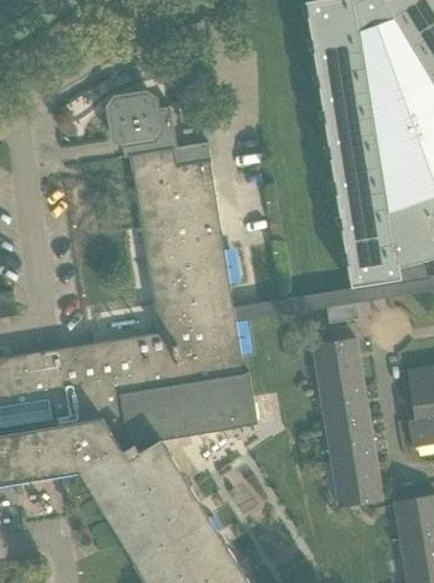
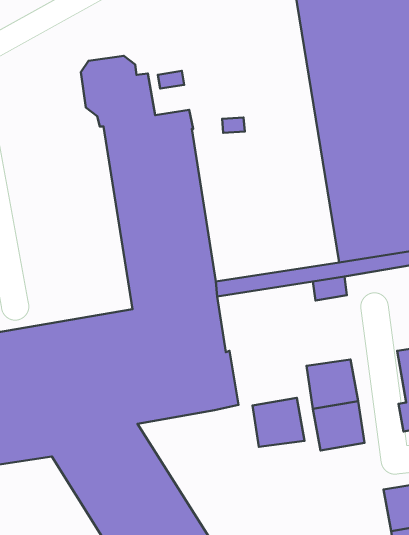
building: [313,338,362,385] -> none
building: [333,458,382,505] -> [253,398,304,447]

